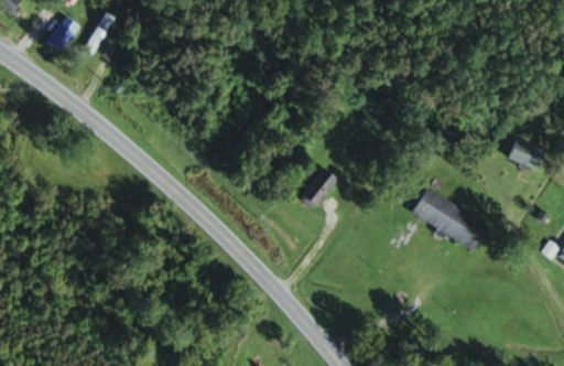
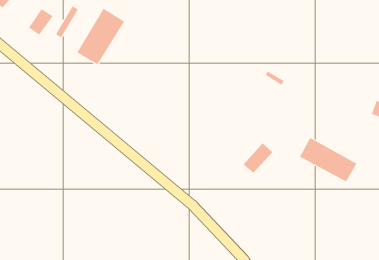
building: none -> [77,8,125,65]
building: [299,168,339,209] -> [243,142,273,174]

